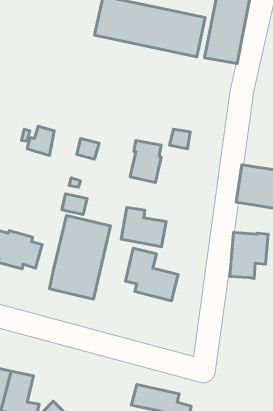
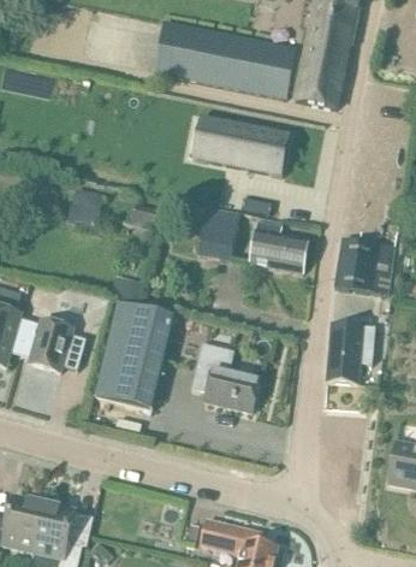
building: none -> [190,114,290,176]
building: [121,207,166,247] -> [250,222,308,272]

